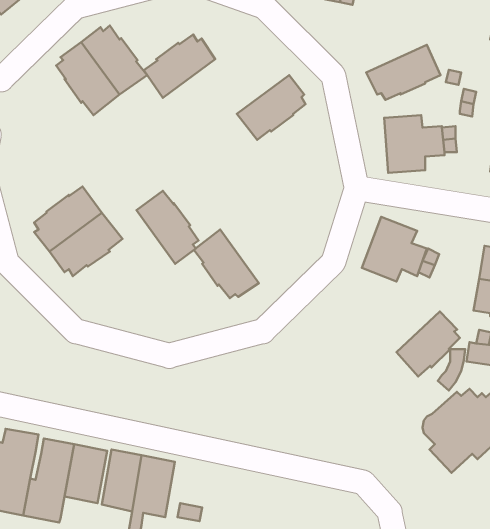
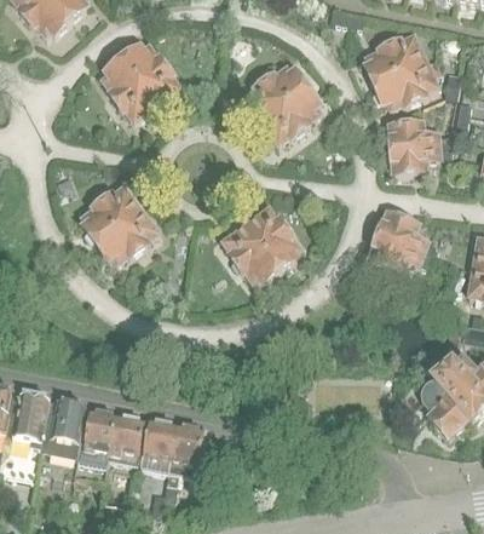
building: none -> [364,33,426,84]
building: [144,34,215,98] -> [242,64,305,120]
building: [137,191,198,264] -> [244,205,299,269]
building: [397,311,460,376] -> none

